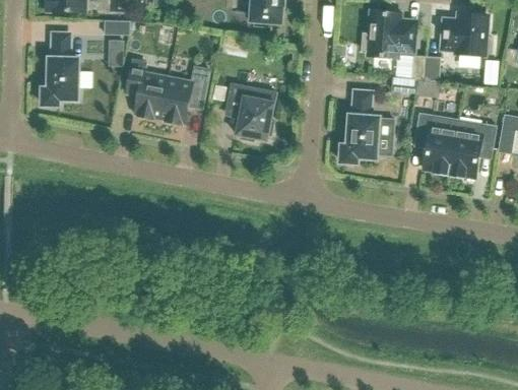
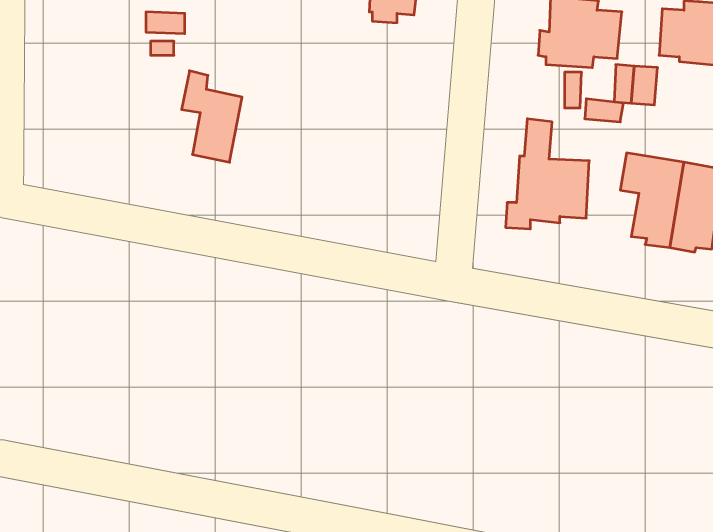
building: [42,34,78,105] -> none
building: [159,66,209,124] -> none
building: [226,83,275,141] -> none

